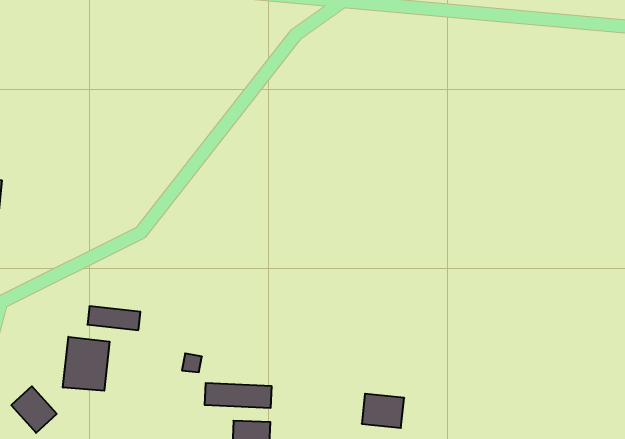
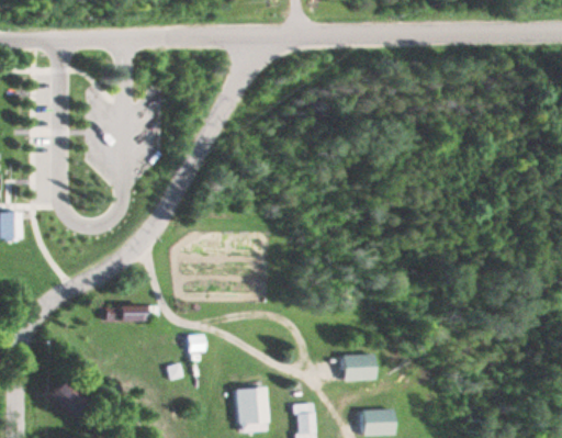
building: [63,337,110,391] -> none
building: [205,383,271,408] -> none

